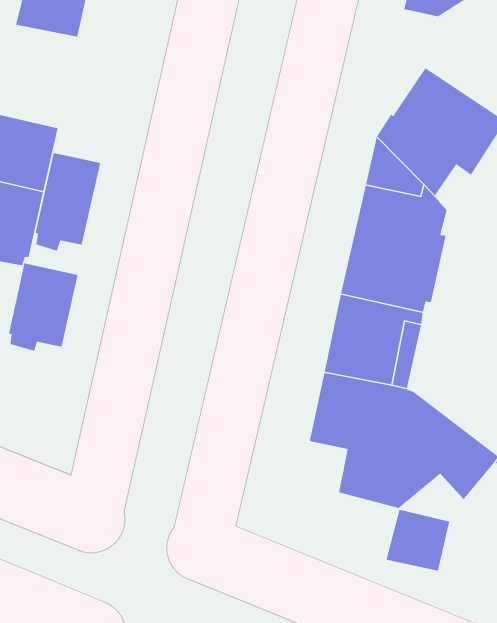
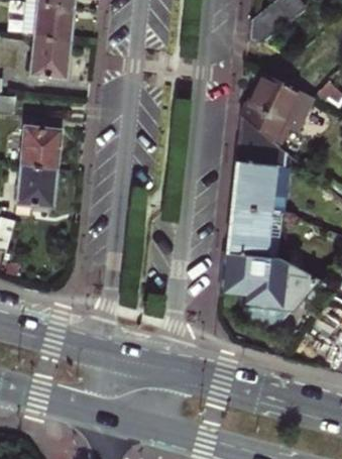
building: [35,152,101,252] -> none
building: [8,263,79,352] -> none
building: [385,509,450,572] -> none

